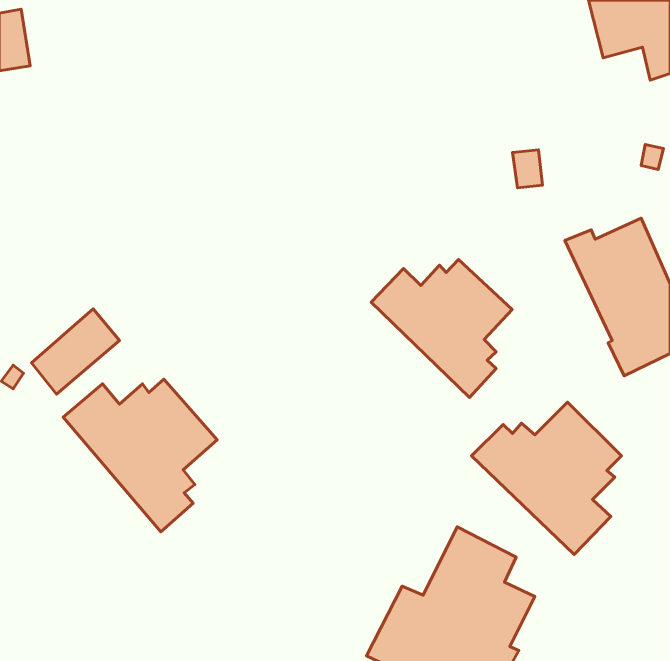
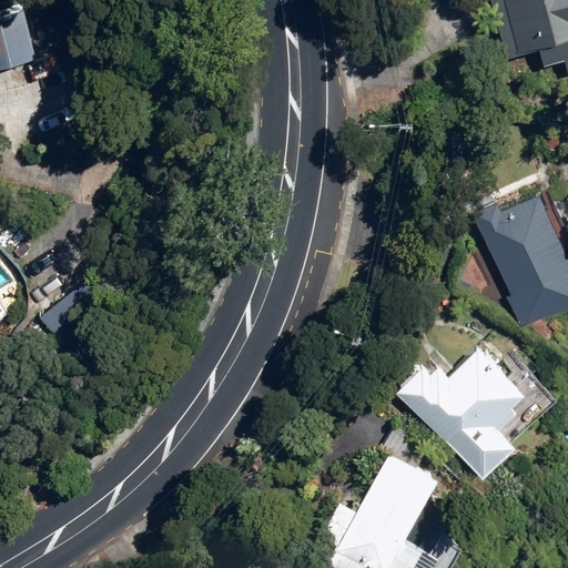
building: [371,259,512,397] -> none
building: [63,379,217,532] -> none

